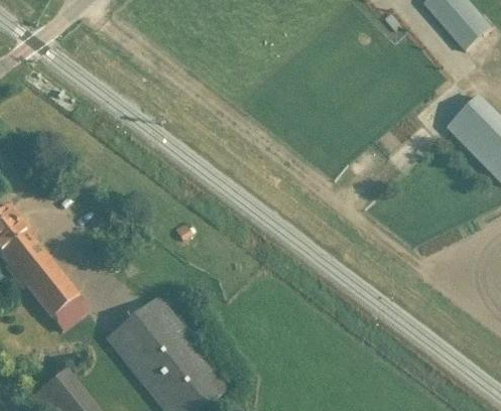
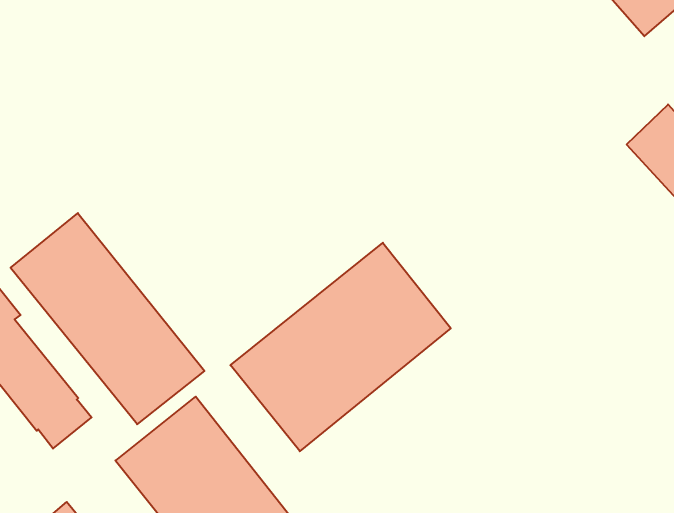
building: none -> [11,213,204,424]
building: none -> [230,243,451,451]

